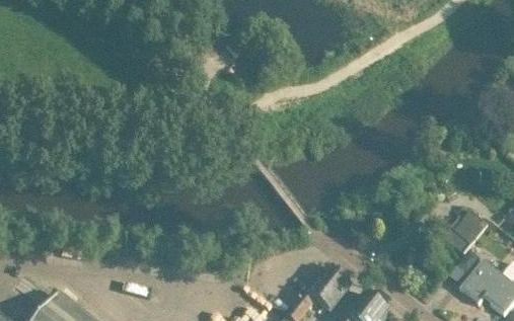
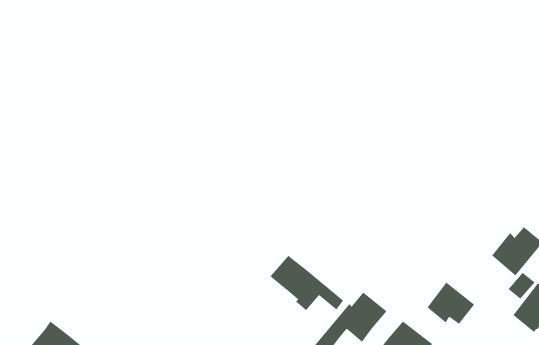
building: none -> [270,255,344,311]
building: none -> [426,282,475,325]

